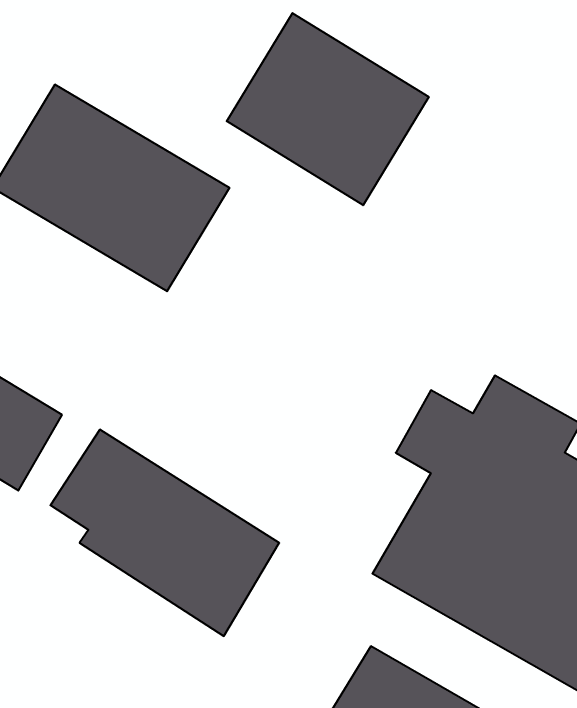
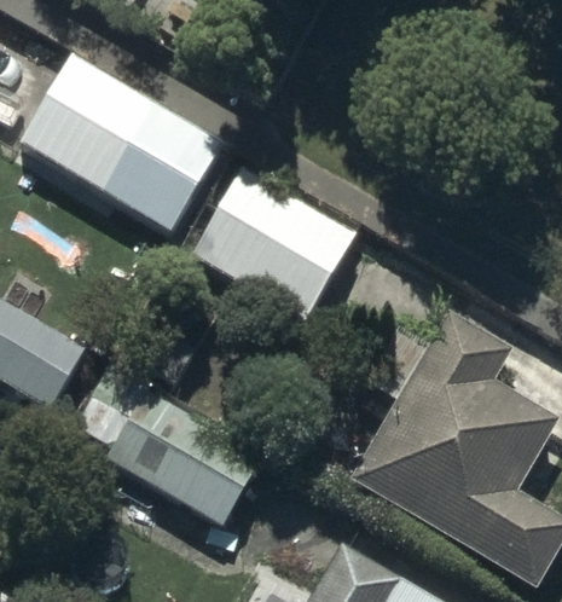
building: [227,13,429,205] -> none
building: none -> [186,164,358,322]

